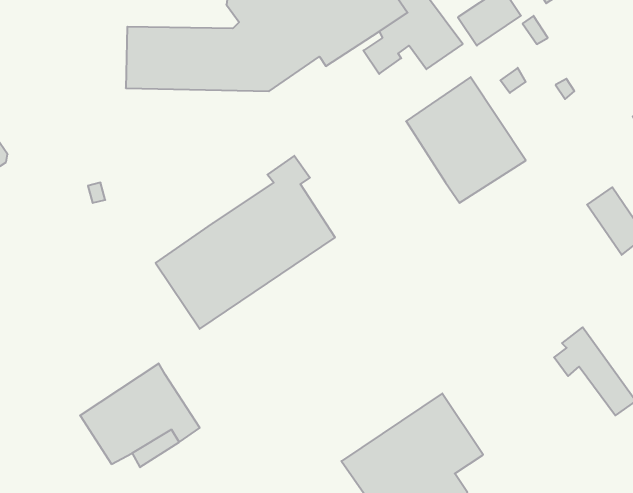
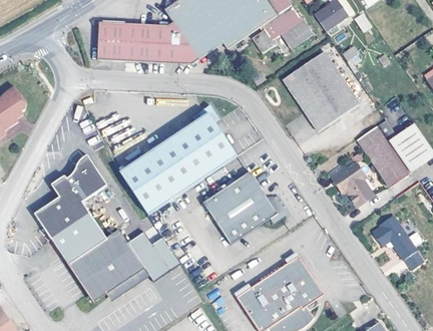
building: none -> [357,120,416,186]
building: none -> [34,153,121,269]
building: none -> [329,160,373,205]
building: none -> [204,172,293,247]
building: none -> [125,232,182,286]

